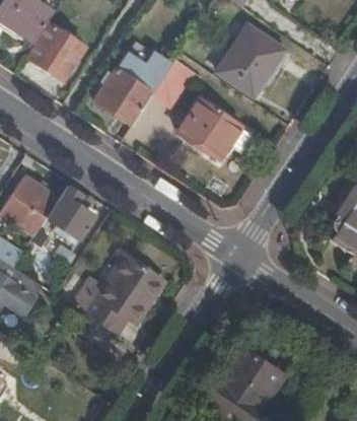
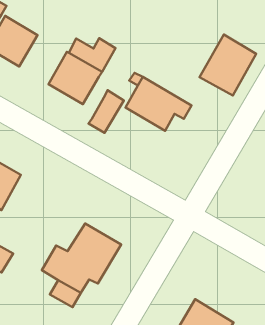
building: [217,26,281,94] -> [200,35,256,96]
building: [151,59,192,106] -> [88,90,124,133]
building: [42,187,95,253] -> none

